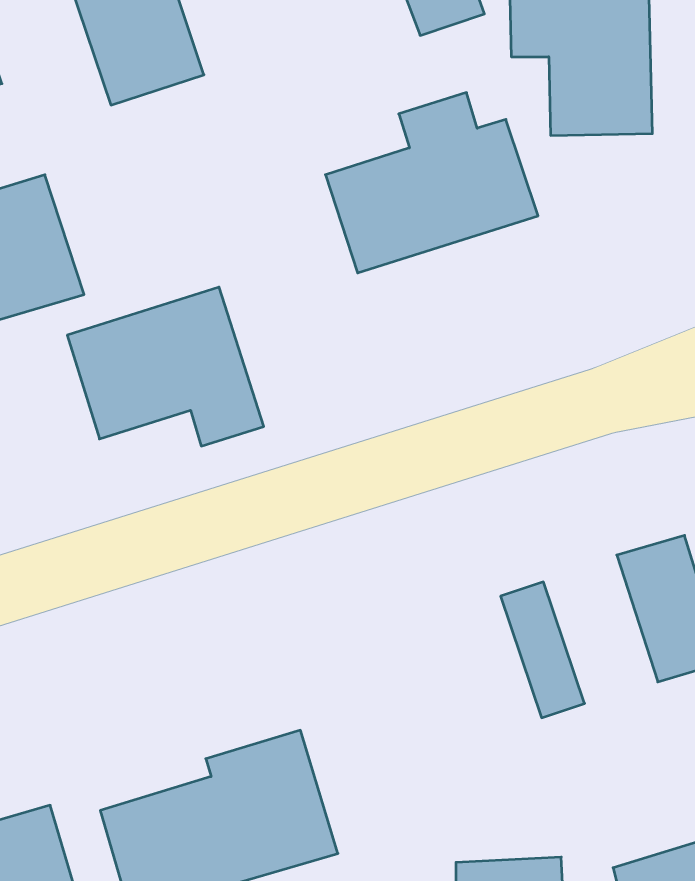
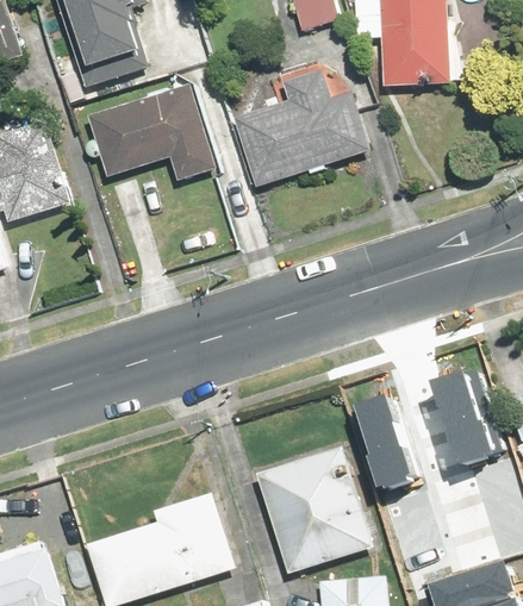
building: [67,287,264,446] -> [85,81,216,187]
building: none -> [253,444,380,580]

